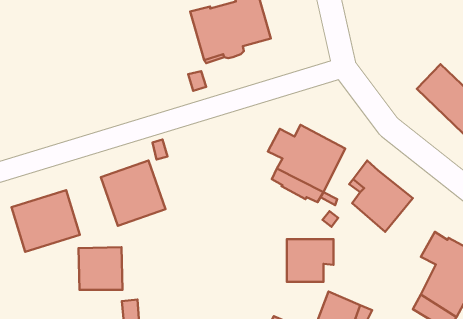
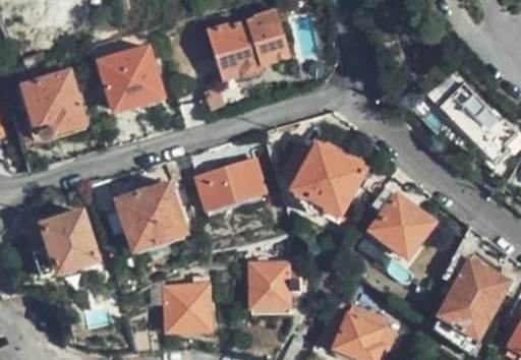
building: none -> [97,46,160,109]
building: none -> [20,70,89,141]
building: none -> [199,161,266,209]
building: [287,239,333,282] -> [251,265,299,309]
building: [79,247,122,290] -> [165,286,210,329]

